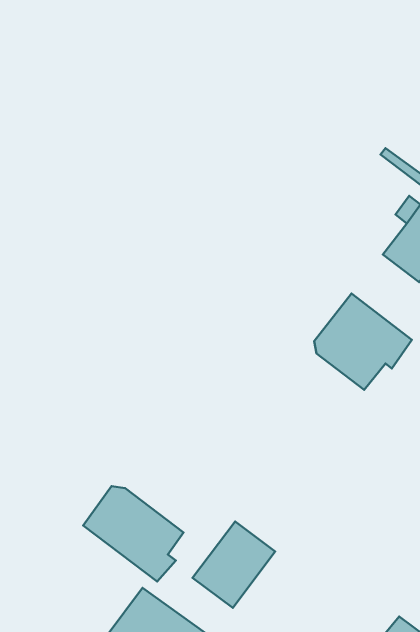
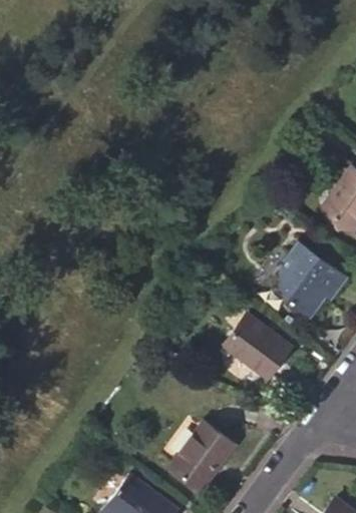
building: none -> [224,315,293,380]
building: [83,486,183,581] -> none

